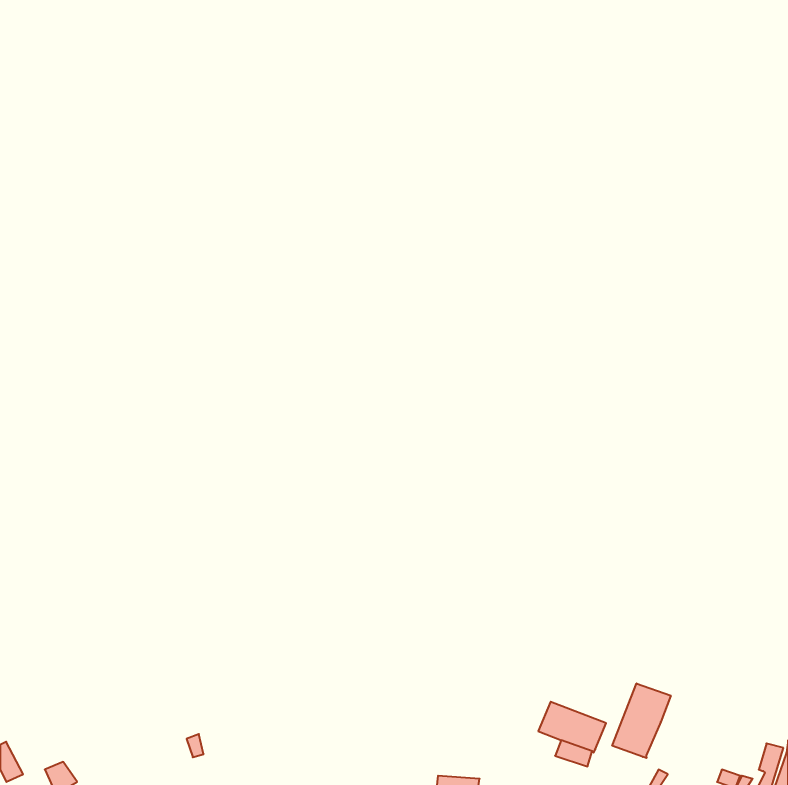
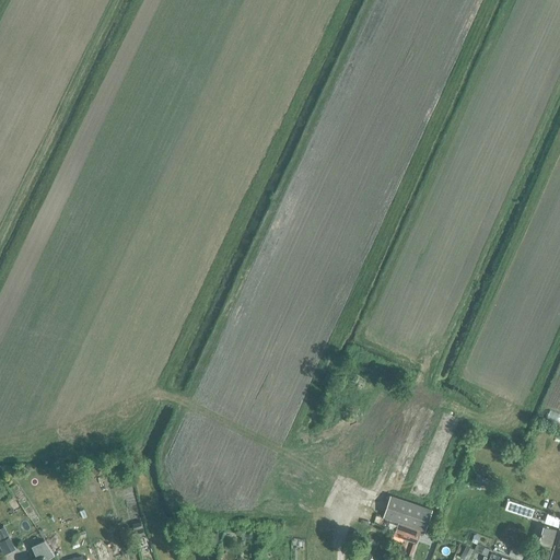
building: [612,683,671,758] -> none

